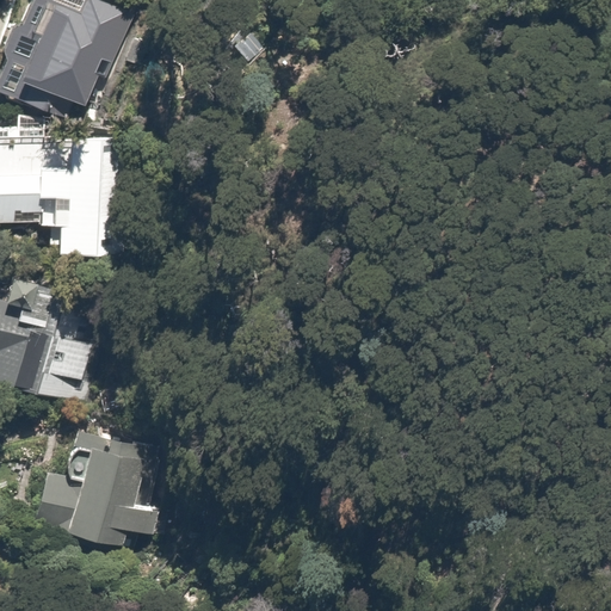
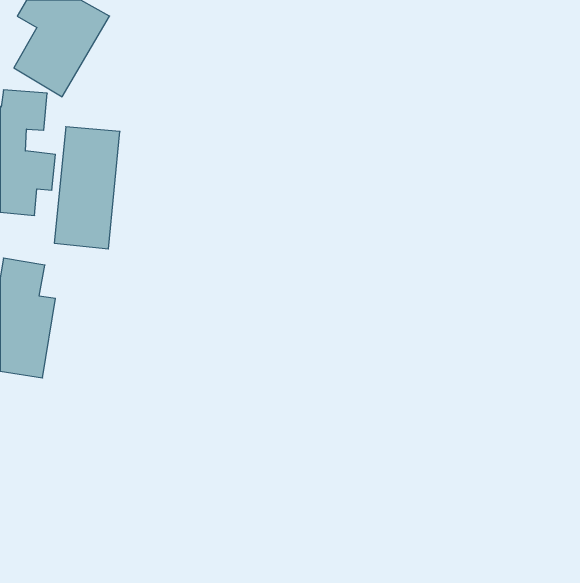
building: [42,439,149,550] -> none

